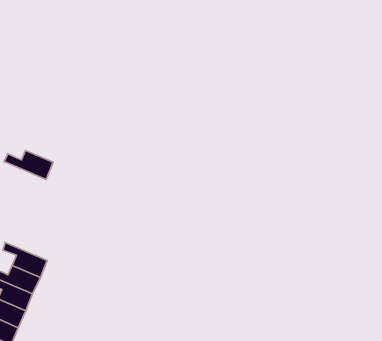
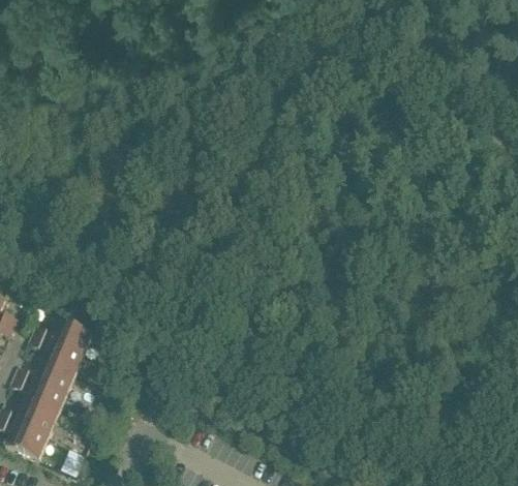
building: [4,150,53,179] -> [32,322,91,357]

